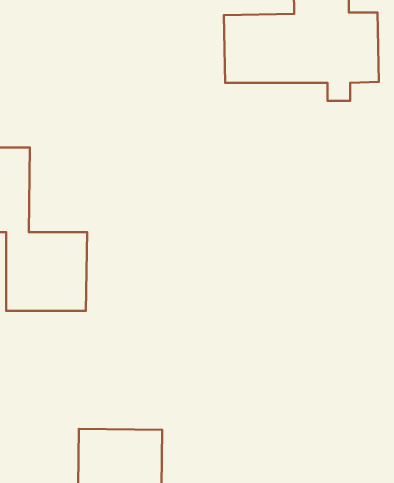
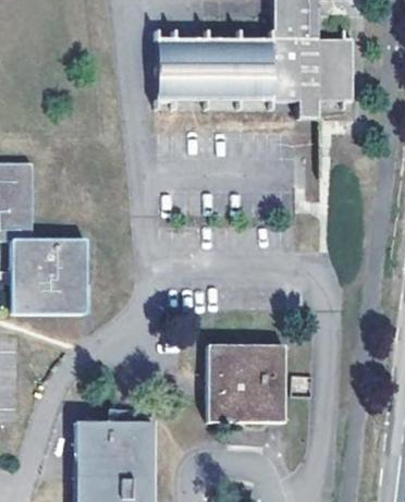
building: none -> [160,41,210,105]
building: none -> [207,343,282,421]

